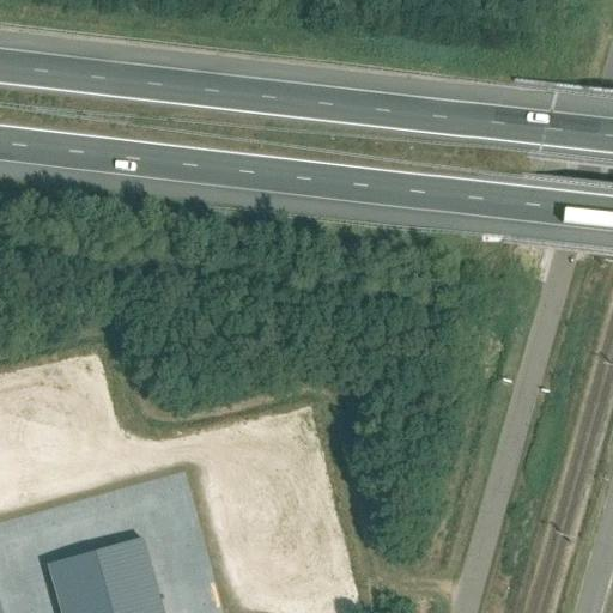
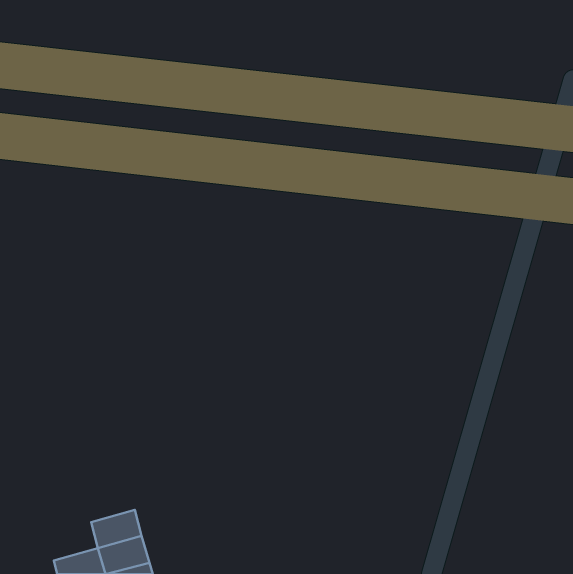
building: [49,557,104,597] -> none

